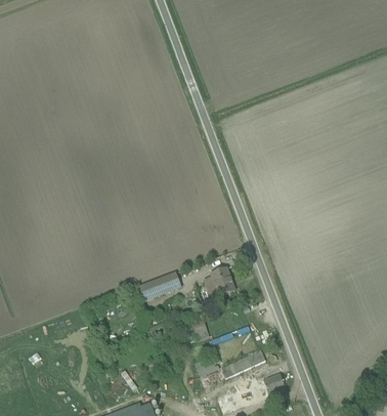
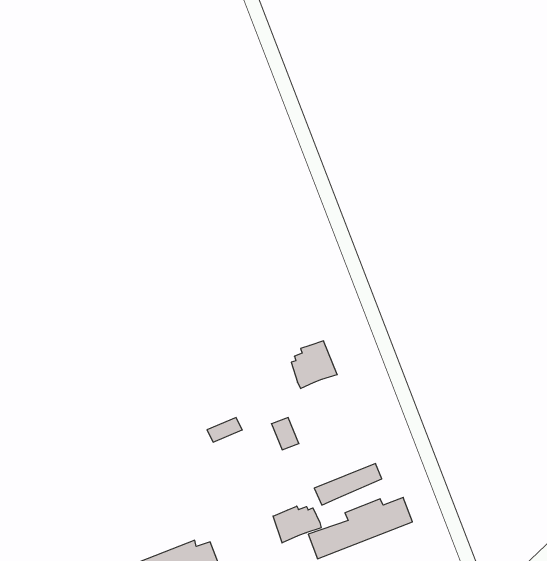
building: [136,272,181,302] -> none
building: none -> [273,506,321,543]

